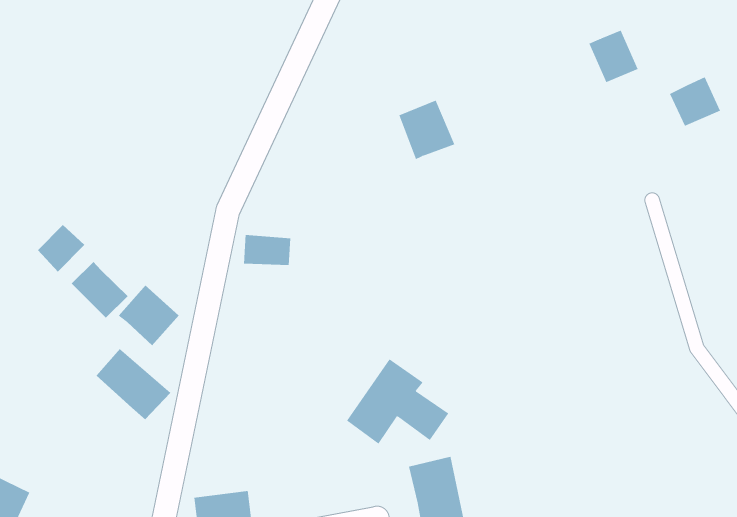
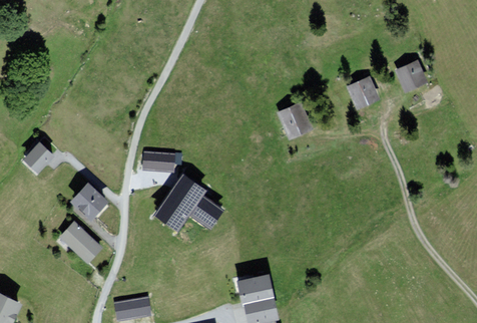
building: [589,30,638,83] -> [347,71,376,102]
building: [398,100,455,160] -> [275,98,308,133]
building: [71,261,128,318] -> none
building: [346,359,449,444] -> [157,180,217,230]

